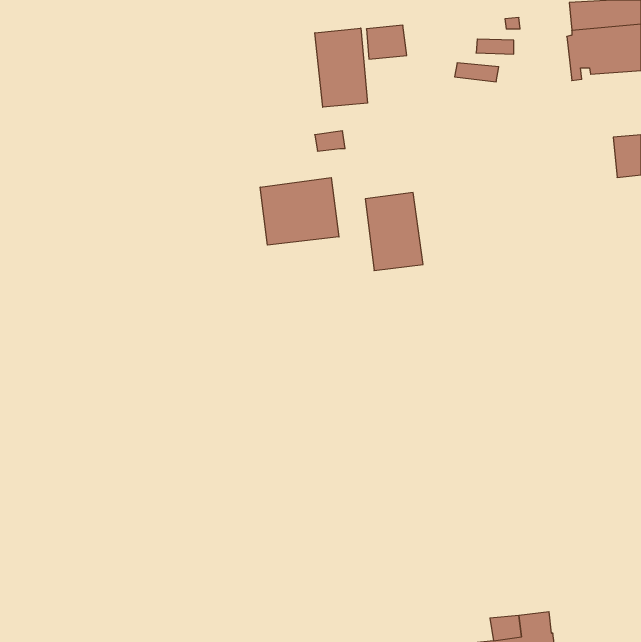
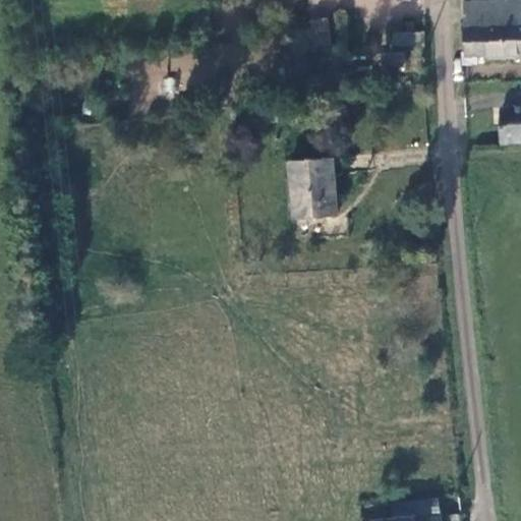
building: [315,28,367,107] -> none
building: [260,178,339,245] -> none

